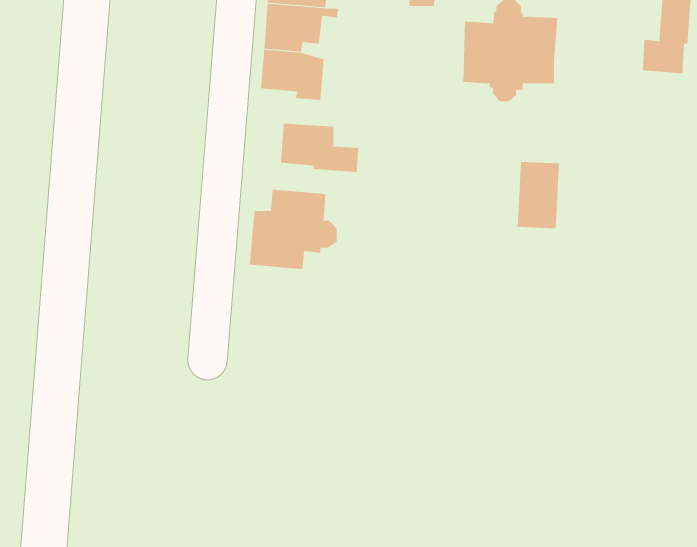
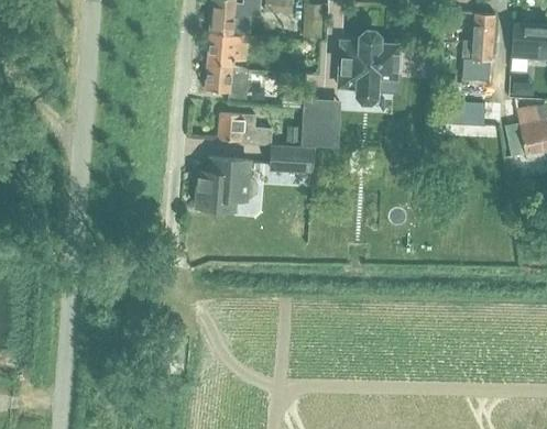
building: none -> [450,106,483,125]
building: [517,161,560,229] -> [303,100,331,145]
building: none -> [270,148,313,172]

